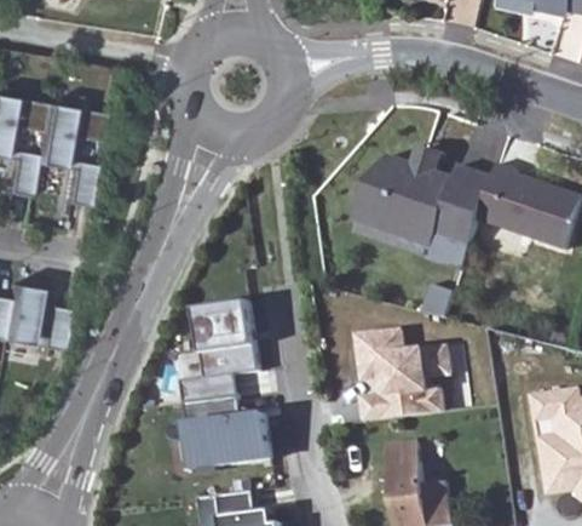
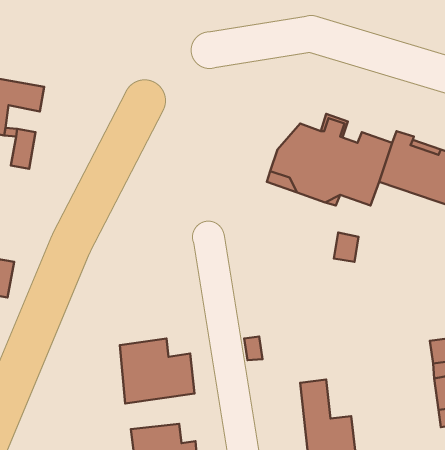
building: [184,303,260,404] -> none
building: [361,333,451,424] -> none

